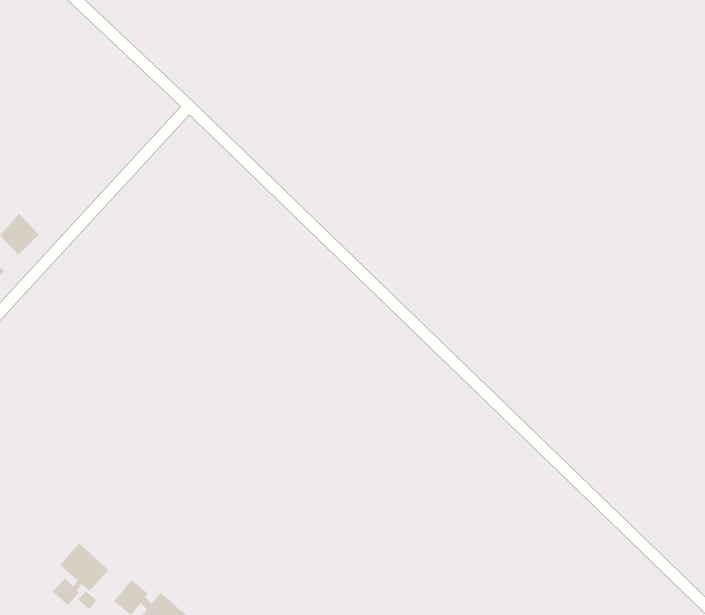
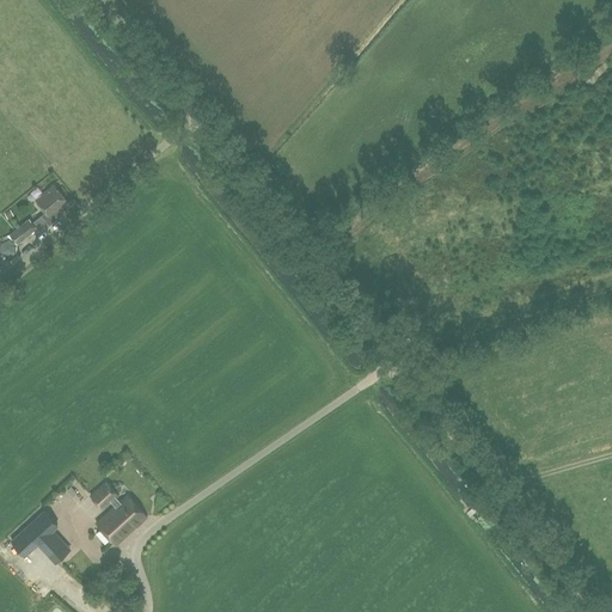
building: [52,542,109,606] -> none

